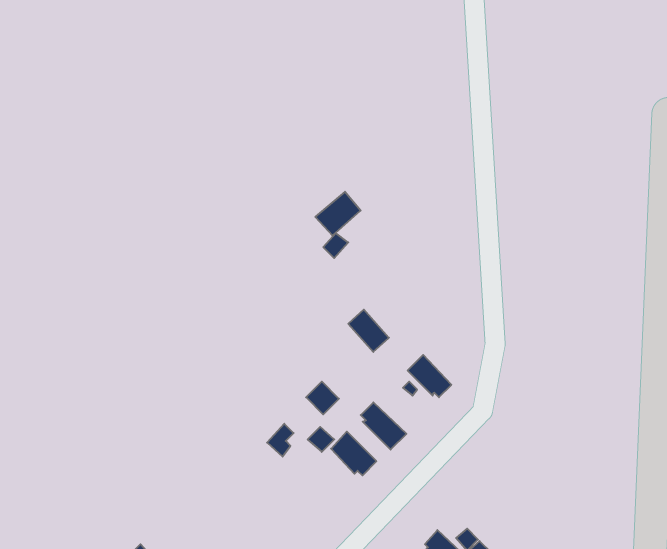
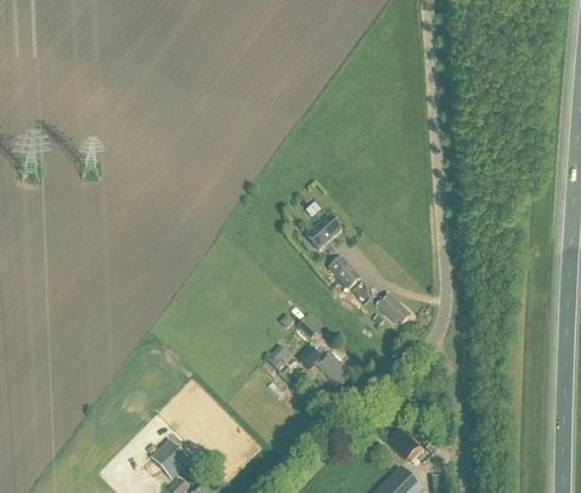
building: [315,192,361,236] -> [306,216,342,250]
building: [361,402,406,450] -> none

